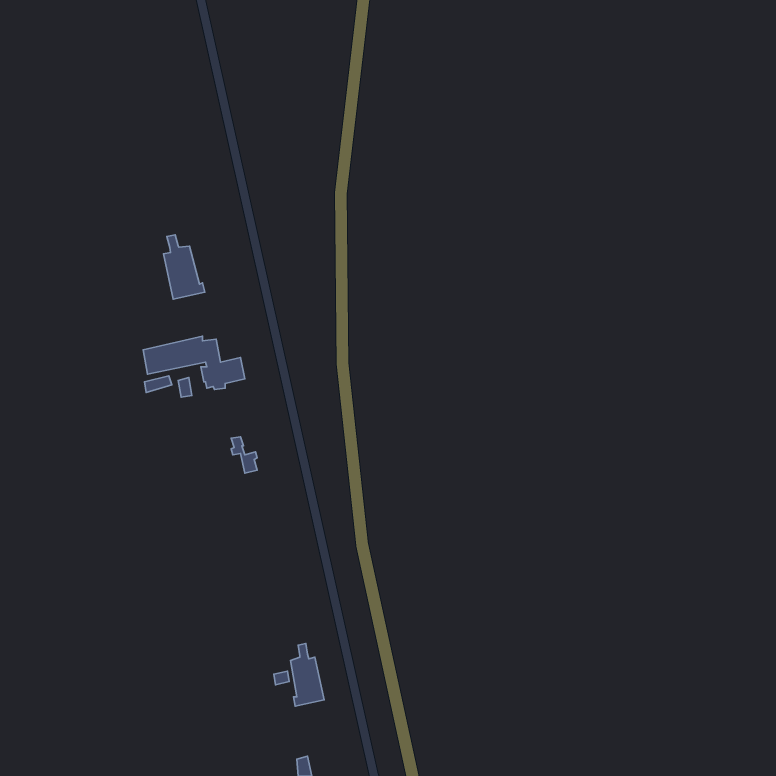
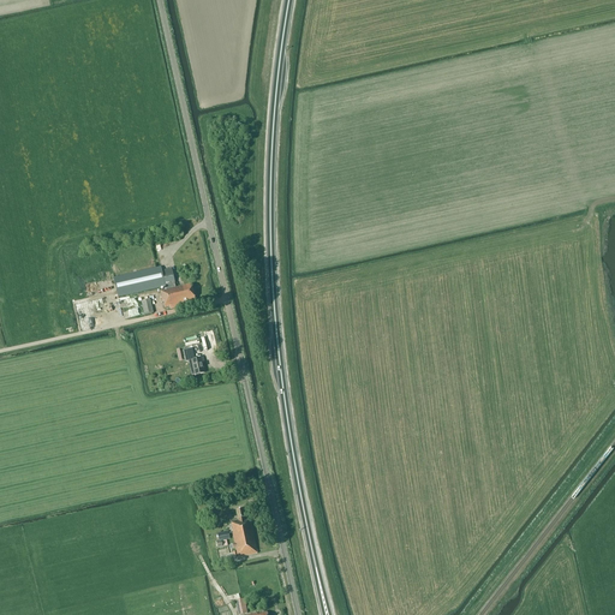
building: [164,235,205,299] -> none

